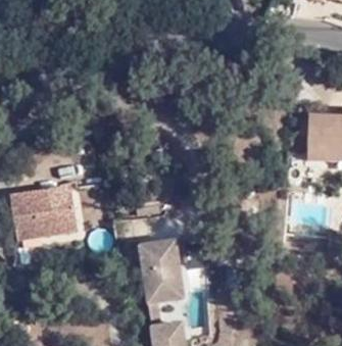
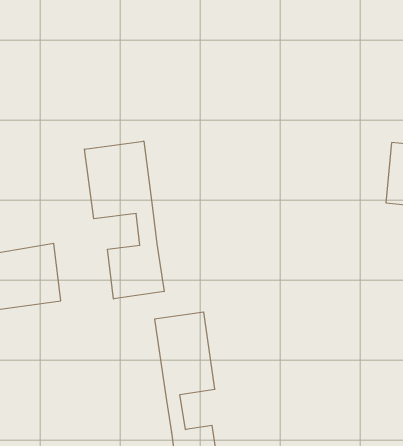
building: none -> [85,141,164,299]

